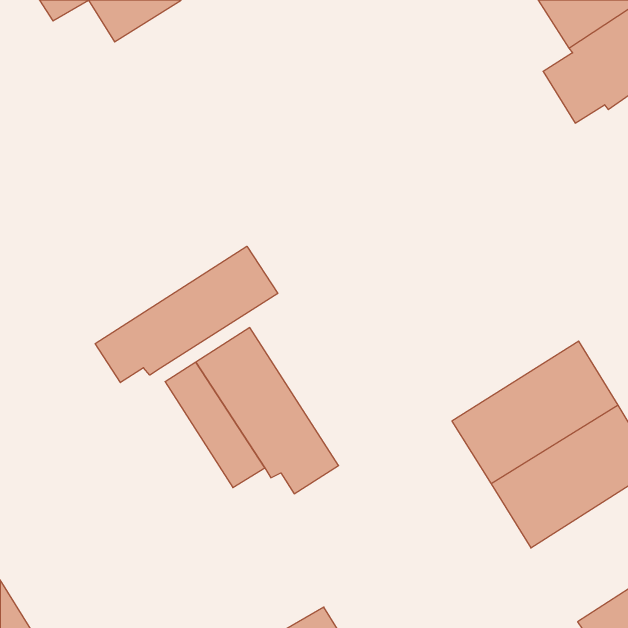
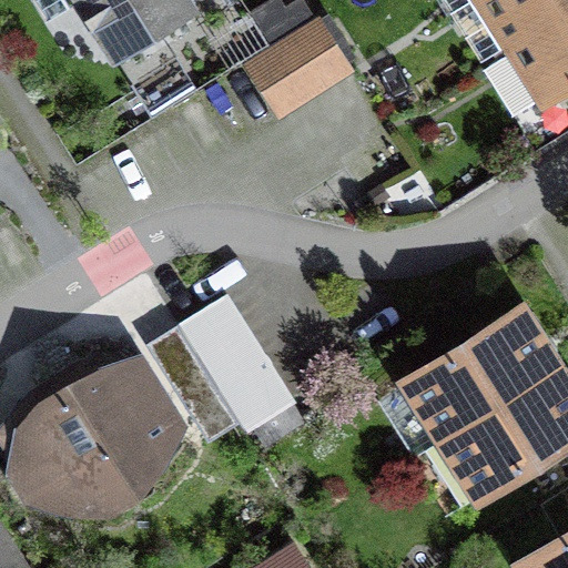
building: none -> [248,20,347,109]
building: [95,246,278,383] -> none
building: none -> [14,367,173,505]

